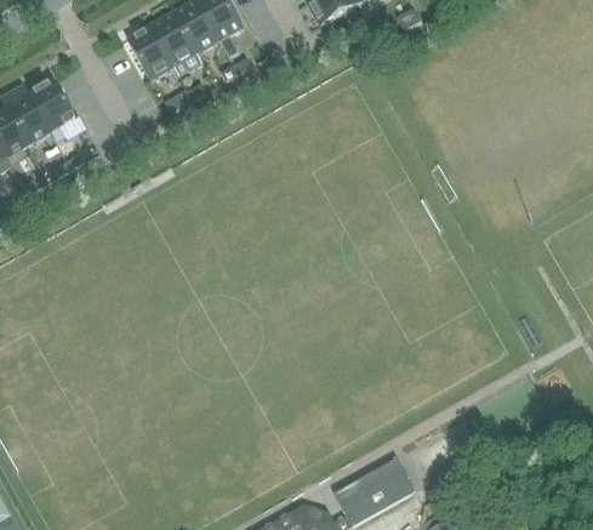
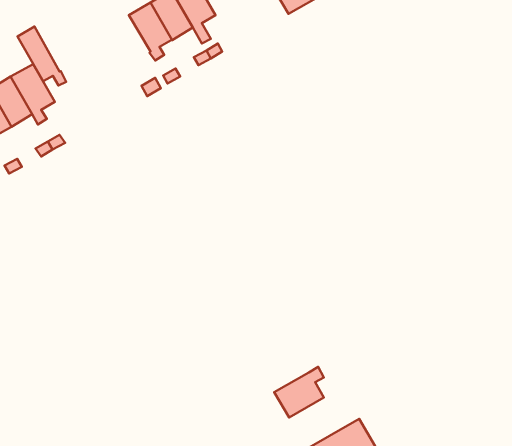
building: [127,25,175,79] -> none
building: none -> [17,27,66,86]
building: none -> [274,367,324,417]

